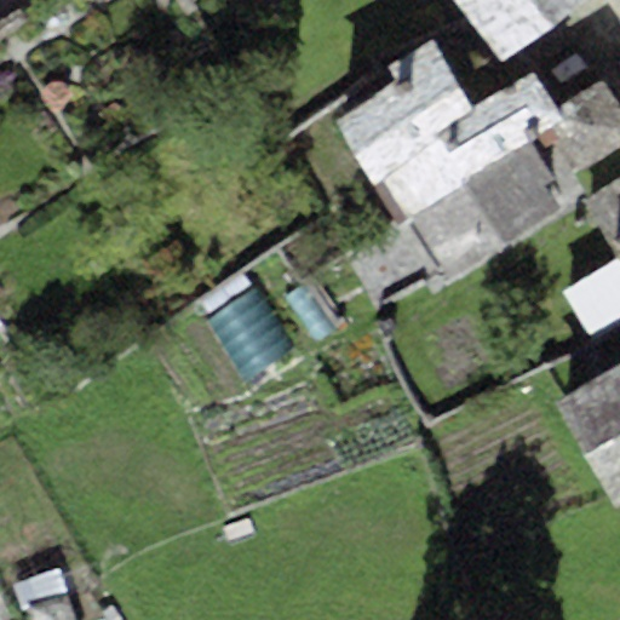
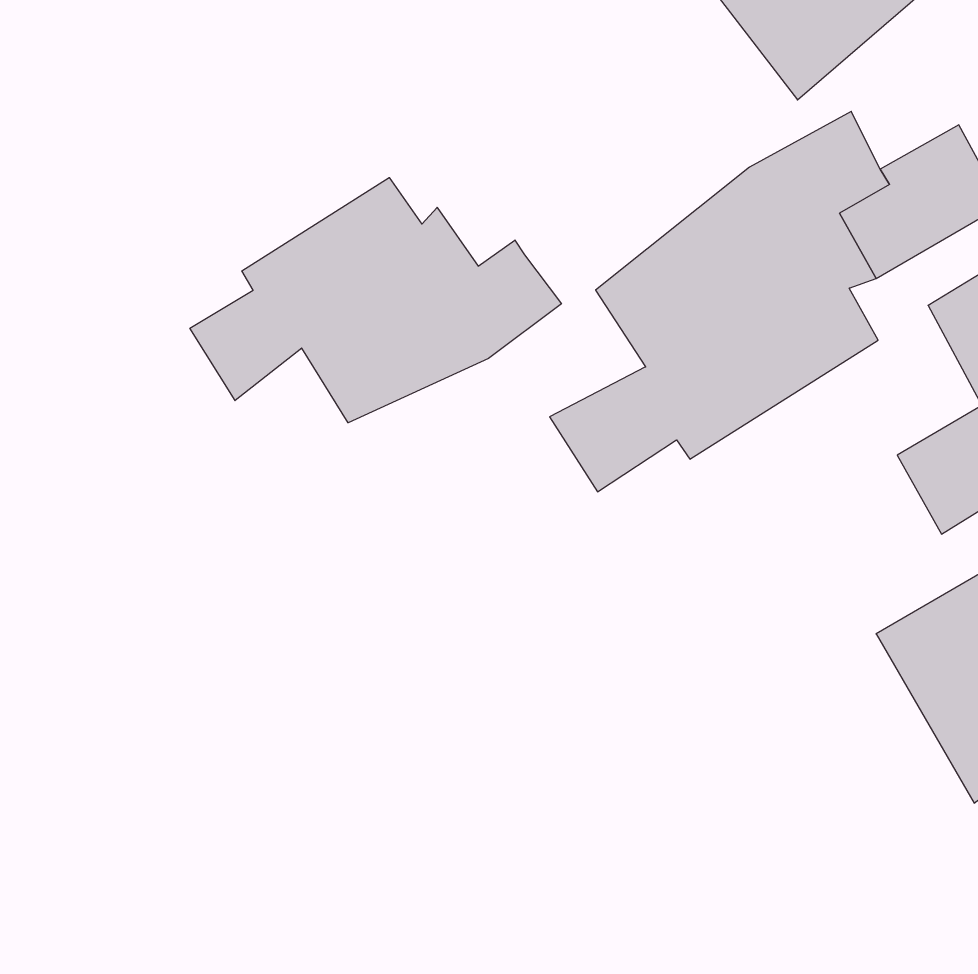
building: [338,39,475,183] -> none
building: none -> [190,178,561,423]

